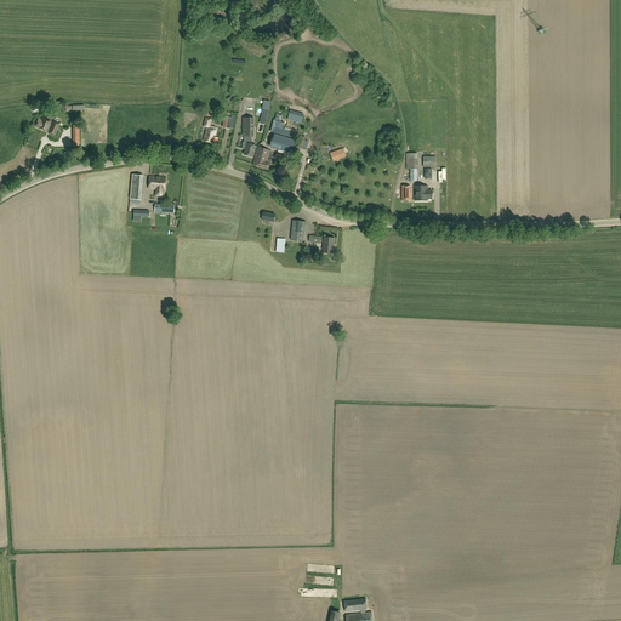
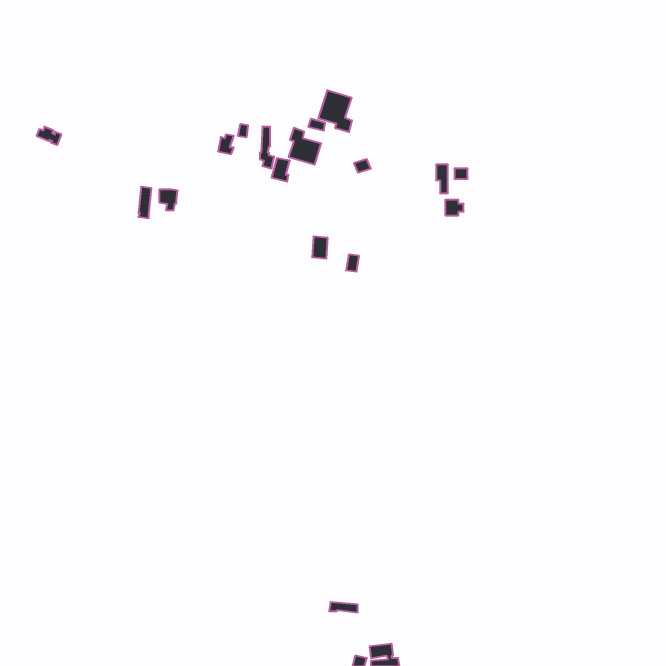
building: none -> [318,90,352,132]

